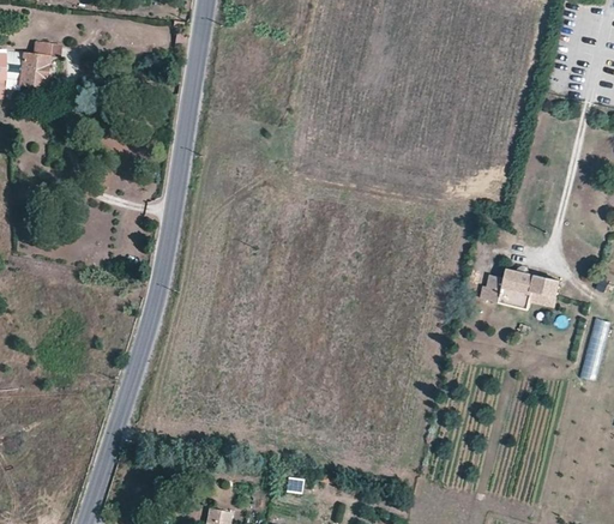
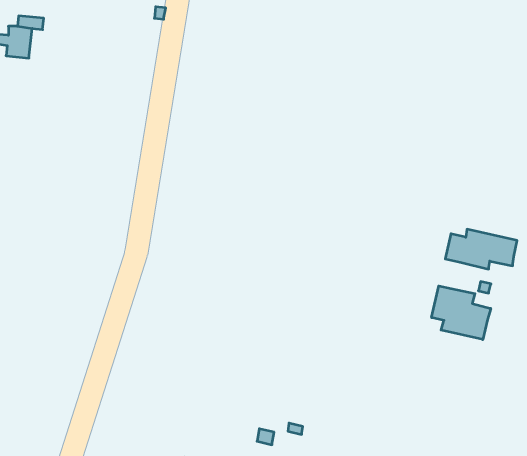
building: none -> [432,286,491,340]

